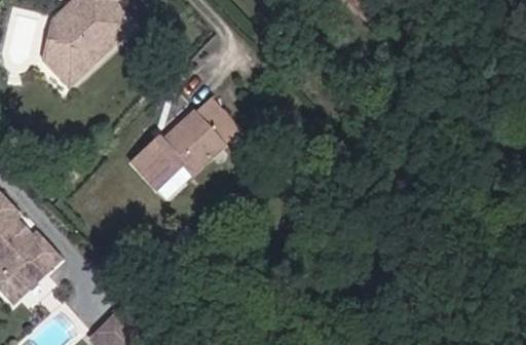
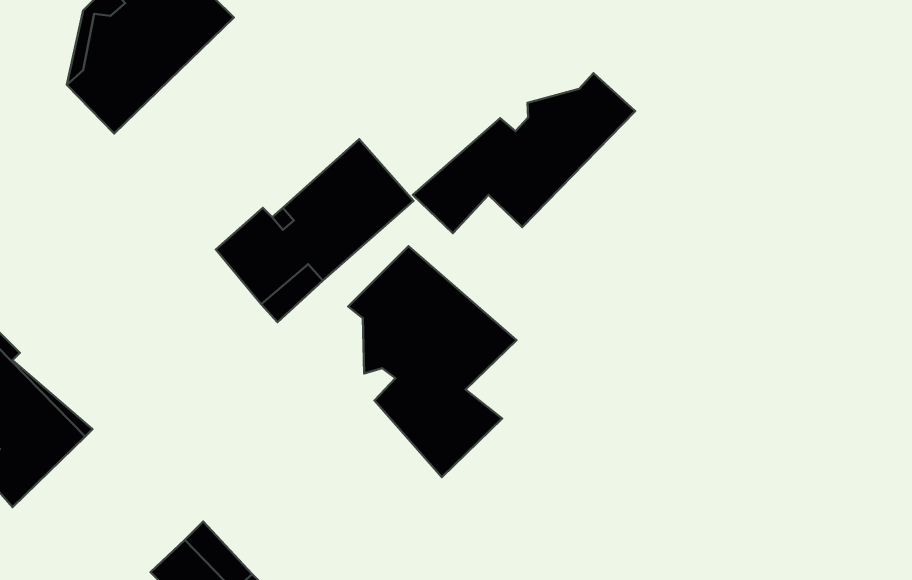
building: none -> [413,73,635,233]
building: none -> [348,246,517,477]

